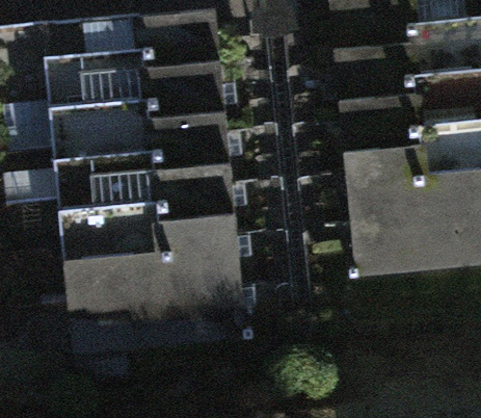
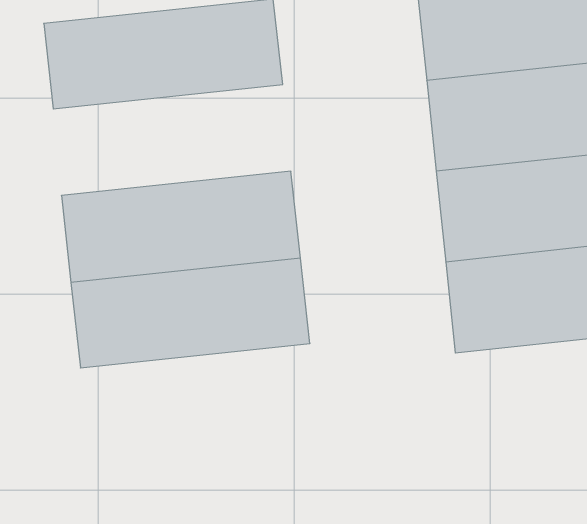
building: [49,72,231,157] -> none
building: [70,270,252,356] -> none

